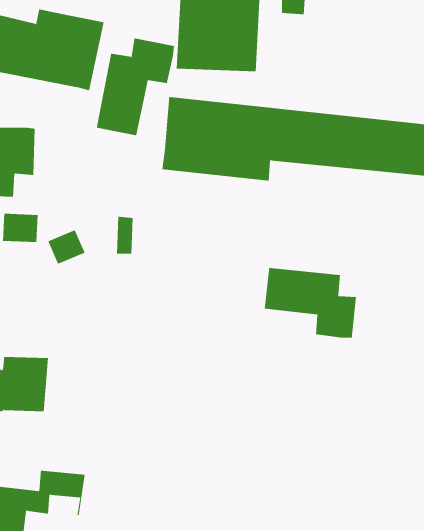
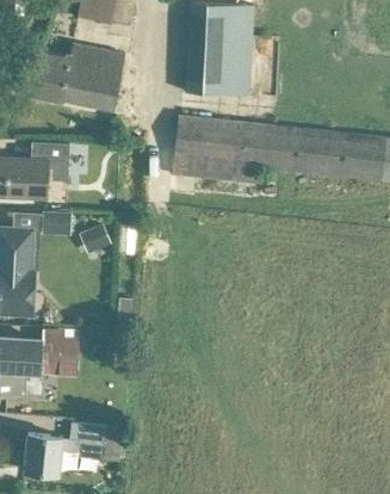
building: [96,37,175,136] -> none
building: [264,267,357,338] -> none

